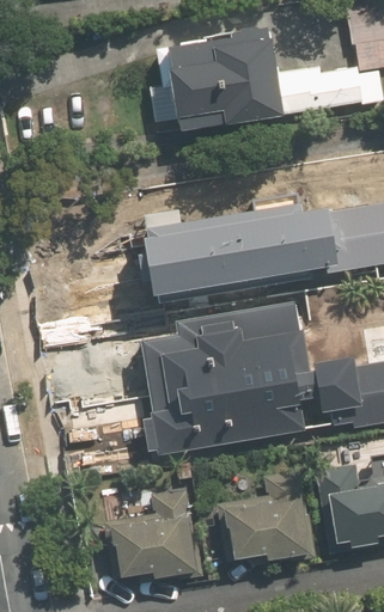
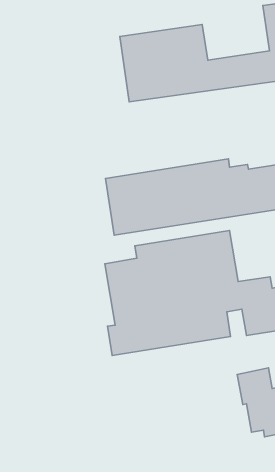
building: [215,469,313,569] -> none
building: [103,486,195,576] -> none

